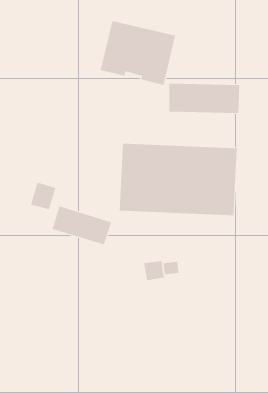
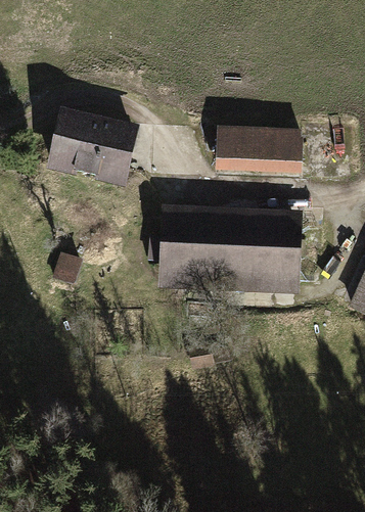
building: [100,20,176,85] -> [44,107,136,186]
building: [52,206,112,245] -> none

